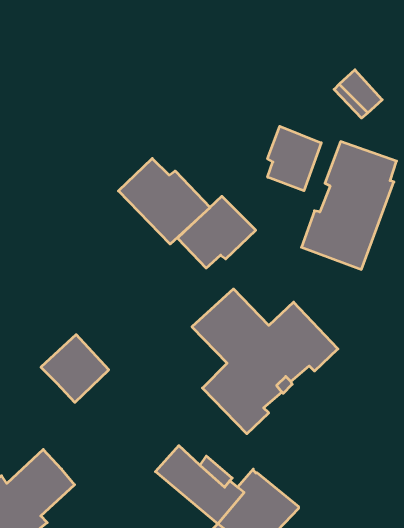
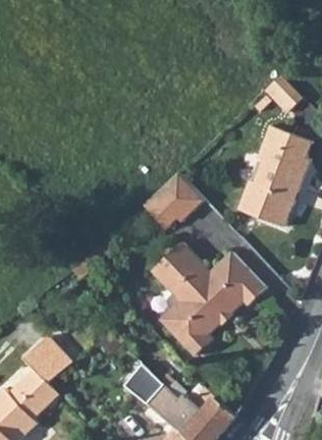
building: [268,126,321,191] -> none
building: [118,158,210,244] -> none
building: [41,335,109,402] -> [23,332,76,385]

